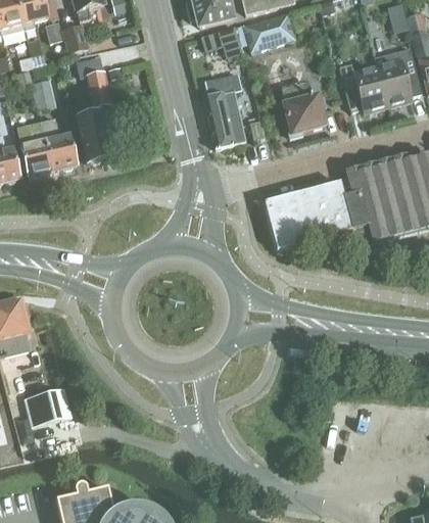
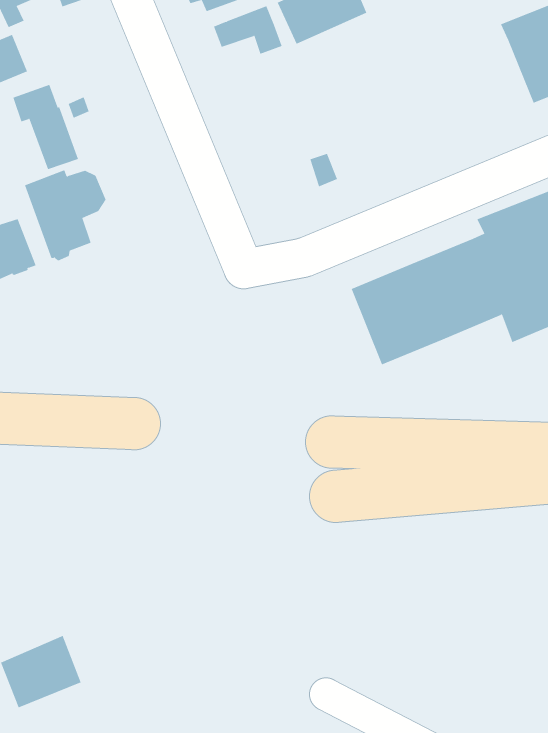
building: [339,61,387,111] -> none
building: [203,72,245,146] -> none
building: [281,79,325,136] -> none

